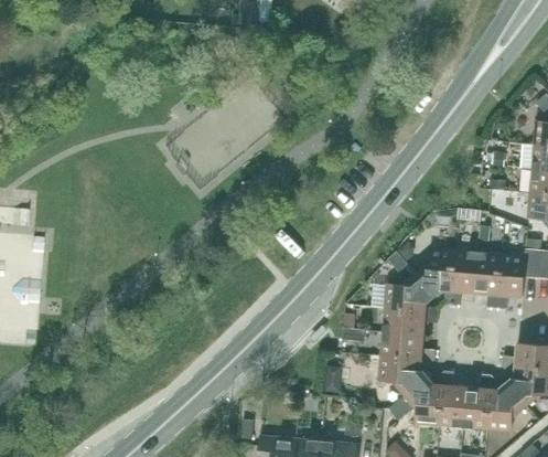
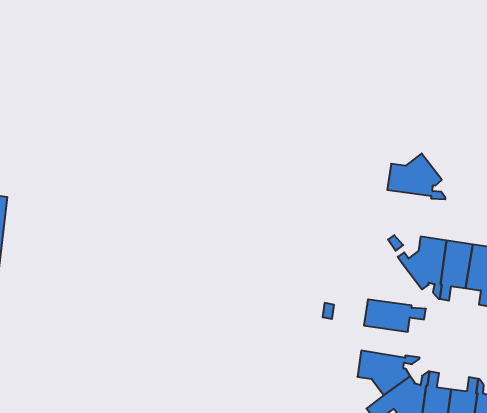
building: [385,273,439,313] -> [387,153,445,199]
building: [382,332,436,360] -> none

